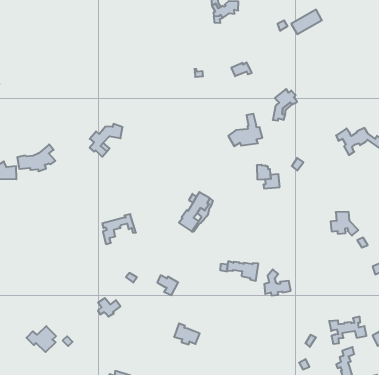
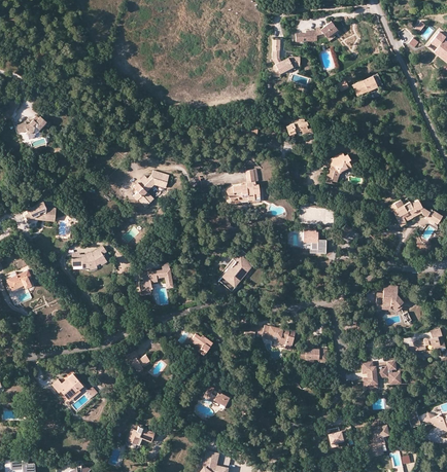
building: [228,114,262,146] -> [225,170,260,202]
building: [17,144,55,171] -> [70,245,109,271]
building: [329,317,366,344] -> [362,362,399,388]

